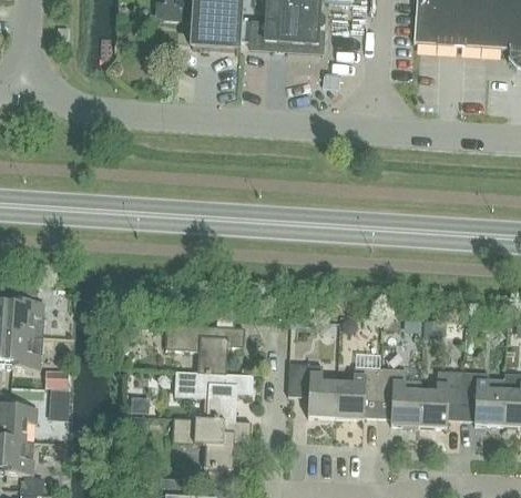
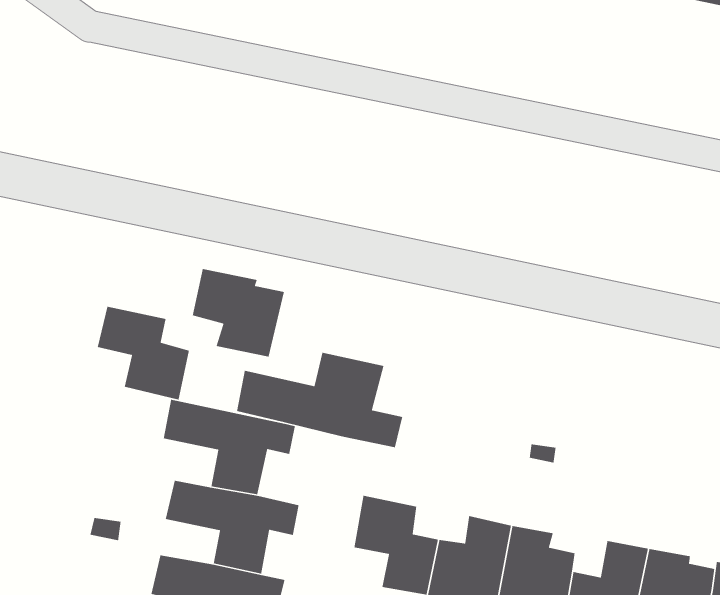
building: none -> [192,268,285,357]
building: none -> [97,306,190,401]
building: none -> [236,352,403,448]

